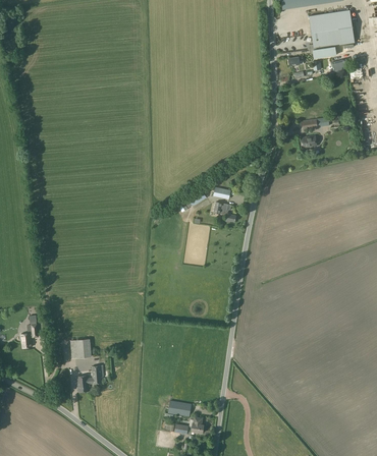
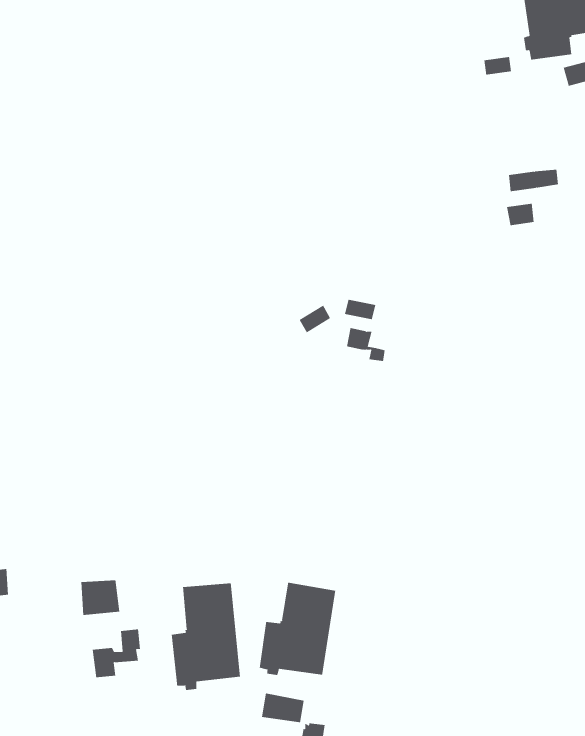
building: none -> [259,582,336,676]
building: none -> [171,582,241,691]

